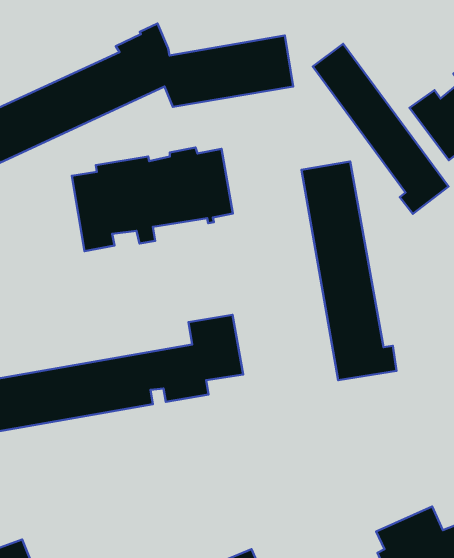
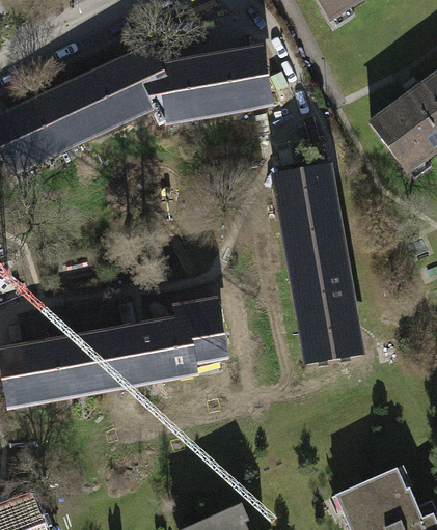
building: [313,44,449,214] -> none
building: [72,148,233,251] -> none

